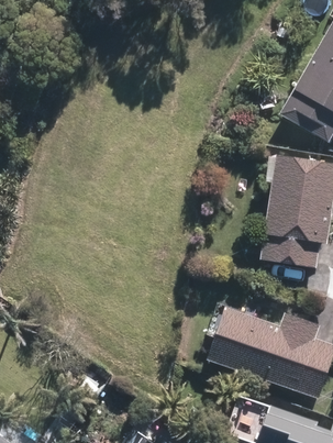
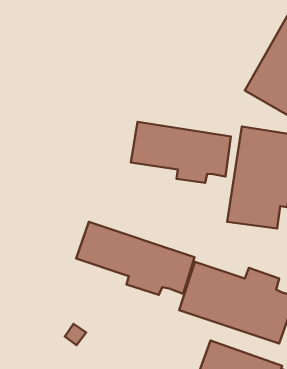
building: none -> [131,122,231,183]
building: none -> [76,222,194,295]

